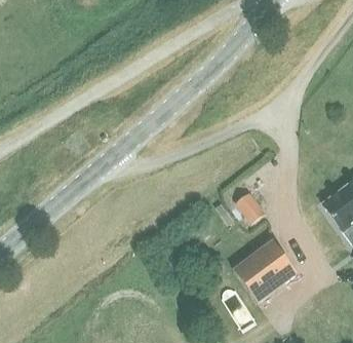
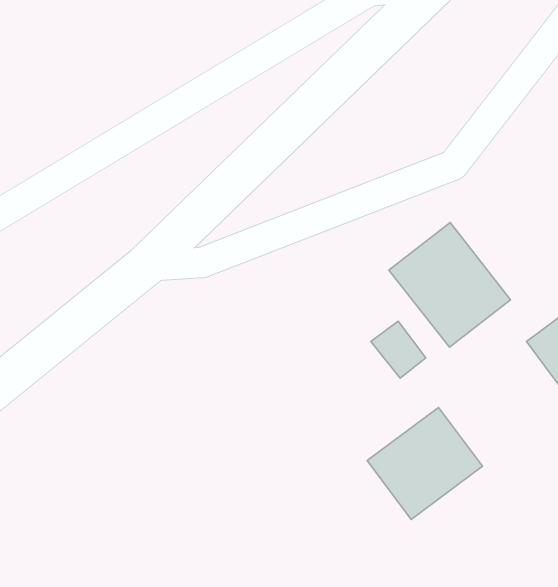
building: none -> [389,223,511,347]

